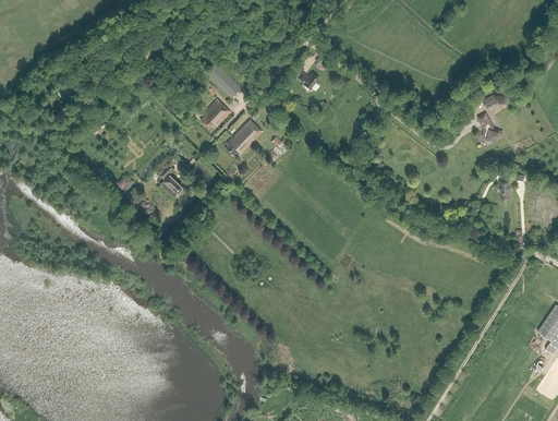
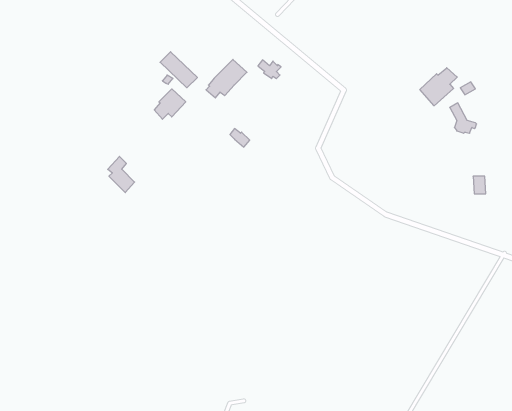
building: none -> [420,68,457,106]
building: [225,119,263,155] -> [206,59,247,98]

